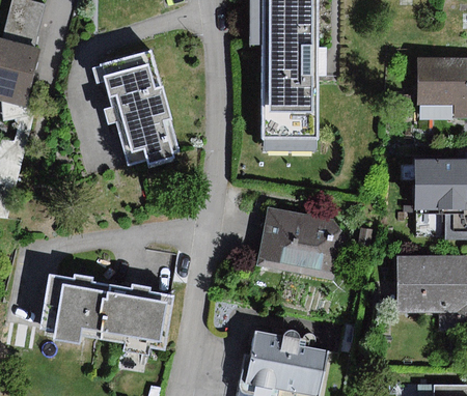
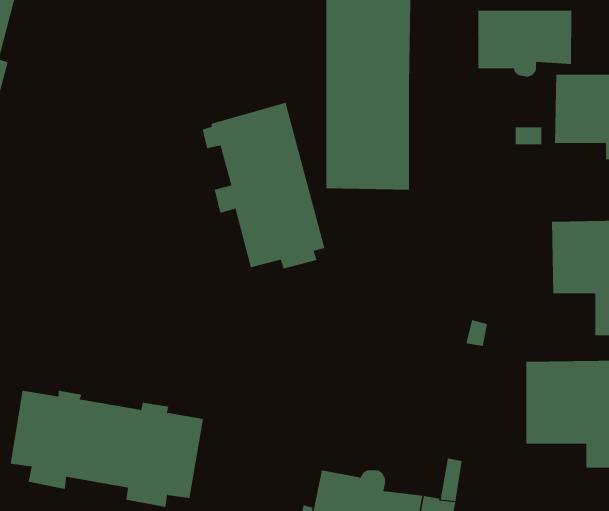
building: none -> [478,10,572,77]
building: [93,49,178,164] -> [202,102,325,269]
building: [252,204,345,281] -> none

